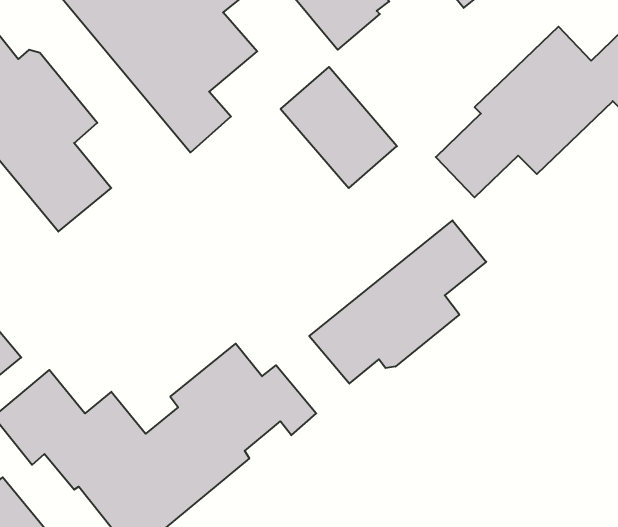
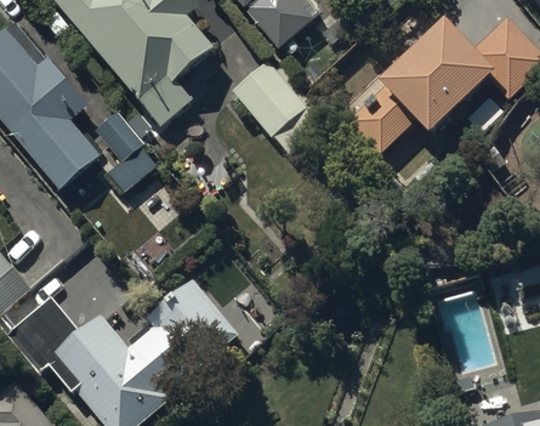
building: none -> [95,110,159,189]
building: [309,220,486,384] -> none

